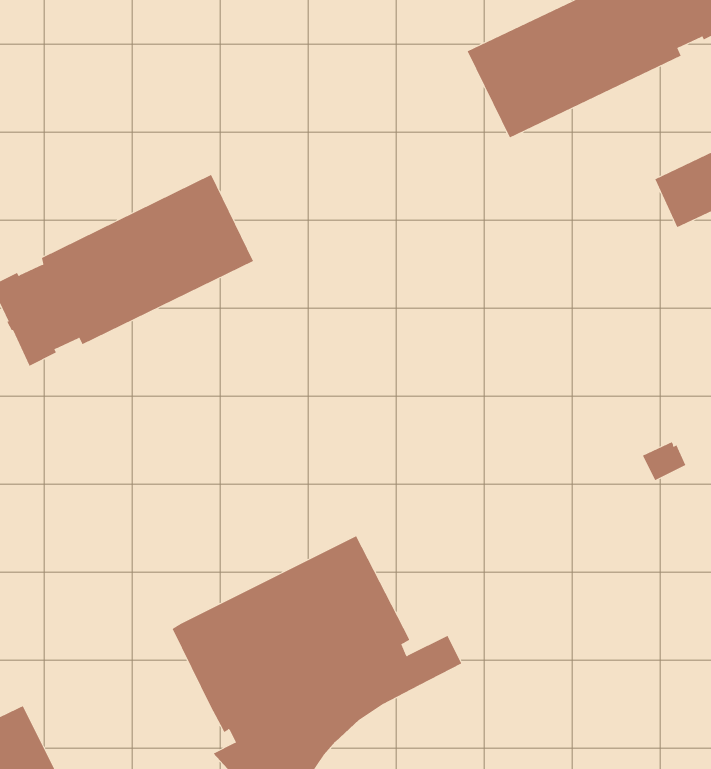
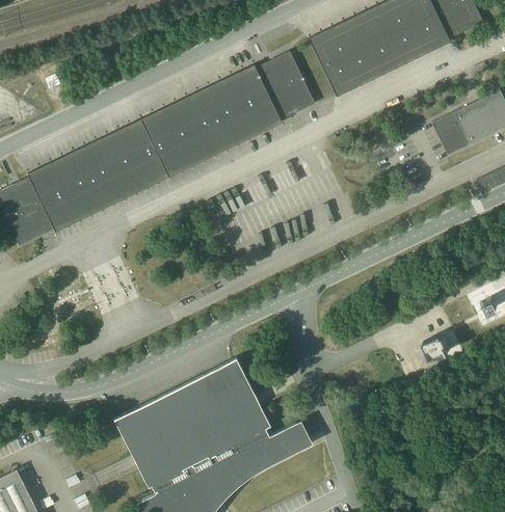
building: none -> [140,51,315,177]
building: [642,441,686,481] -> [424,332,453,358]

